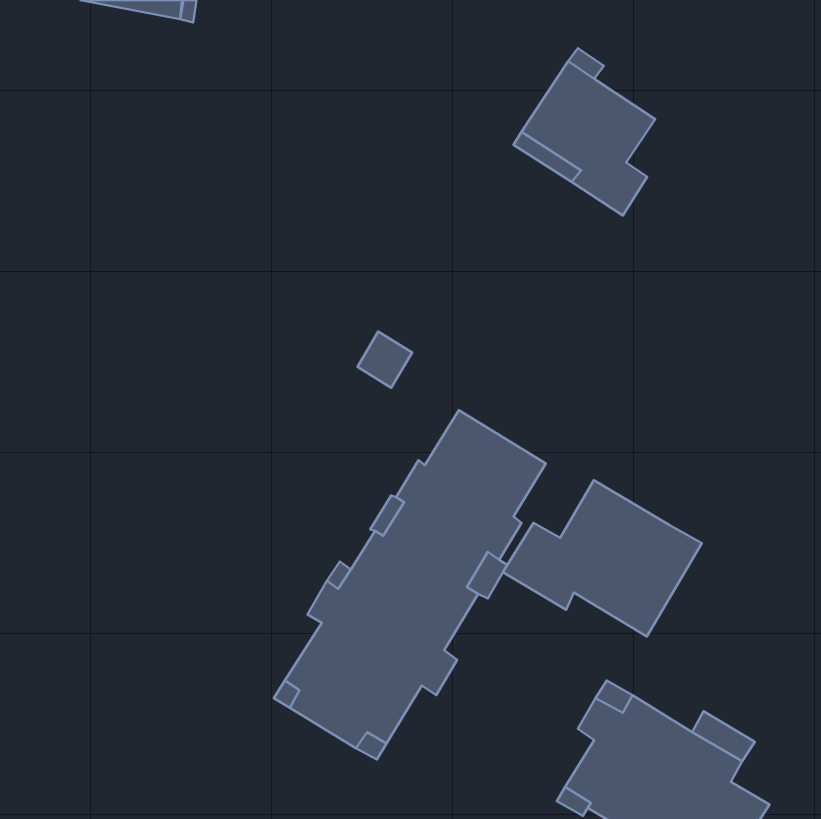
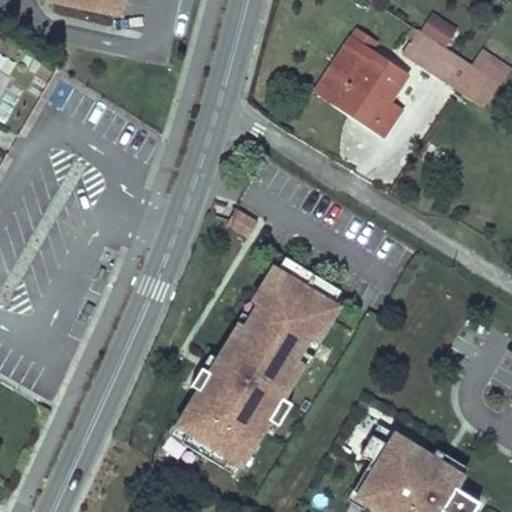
building: none -> [405,26,497,103]
building: [503,480,702,636] -> none

